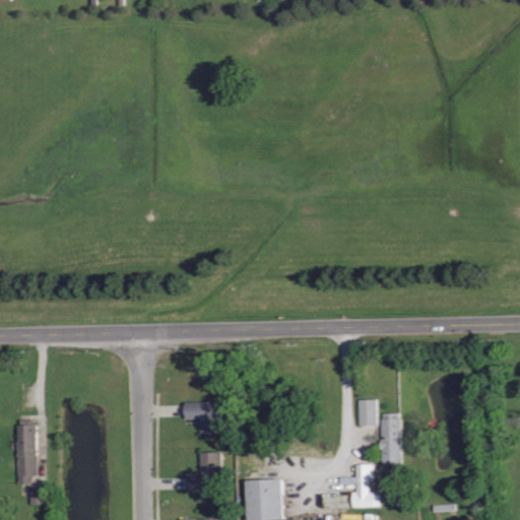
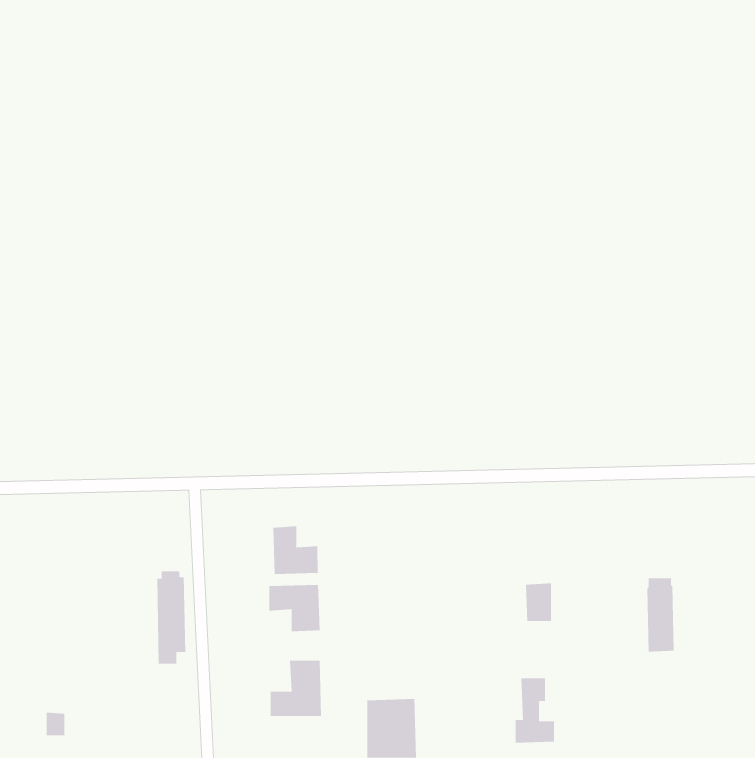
building: none -> [273,526,318,575]
building: [381,411,400,462] -> [646,578,675,652]
building: [16,418,37,482] -> [156,571,186,664]

